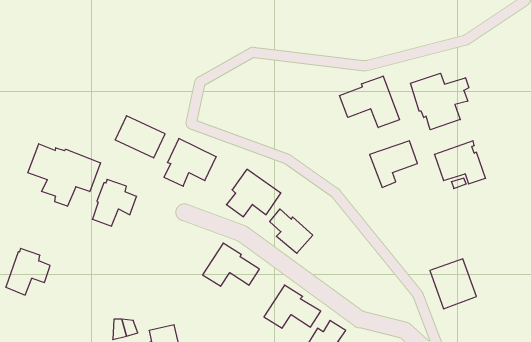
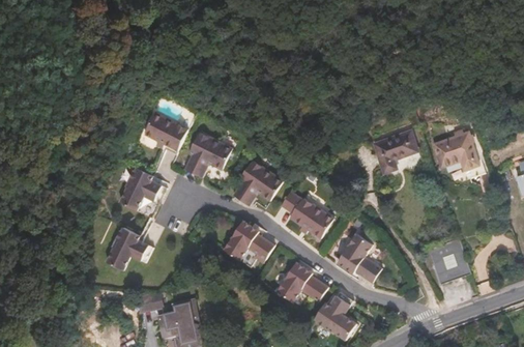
building: [410,73,469,130] -> none
building: [340,76,400,128] -> none
building: [28,144,101,206] -> none
building: [6,248,50,295] -> [113,228,153,270]
building: none -> [337,236,380,287]

